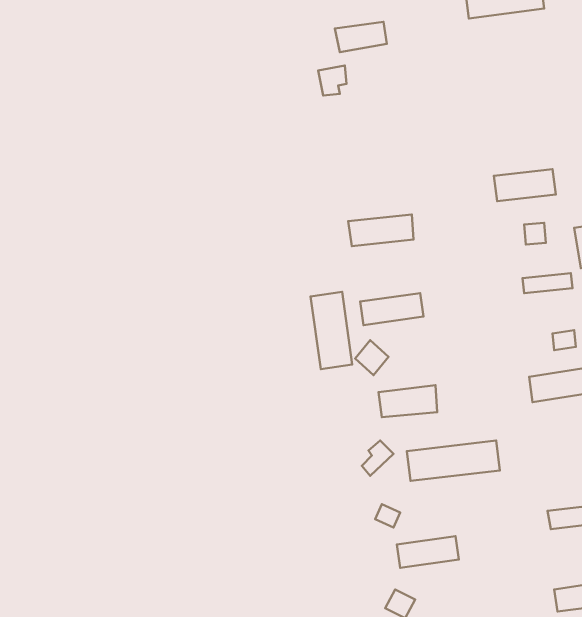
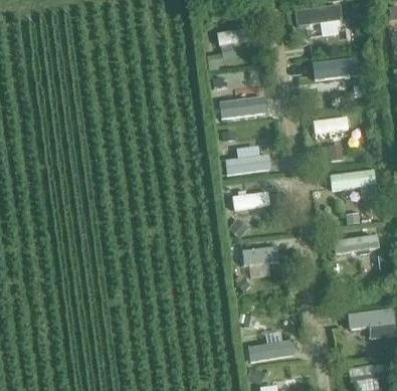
building: none -> [312,59,356,84]
building: none -> [221,99,267,122]
building: [311,292,352,369] -> none
building: [407,441,500,481] -> none

